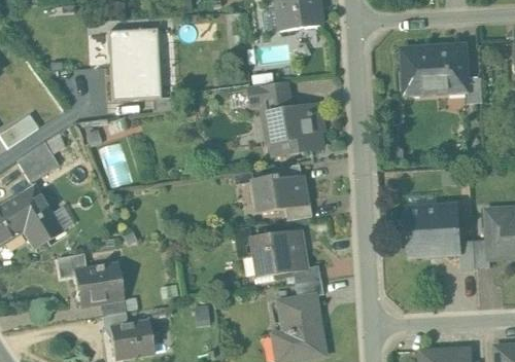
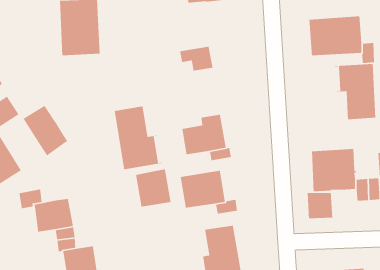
building: none -> [334,63,376,120]
building: [266,105,321,155] -> none
building: none -> [23,105,68,156]
building: none -> [114,105,163,170]
building: none -> [135,169,171,208]
building: none -> [307,192,333,219]

